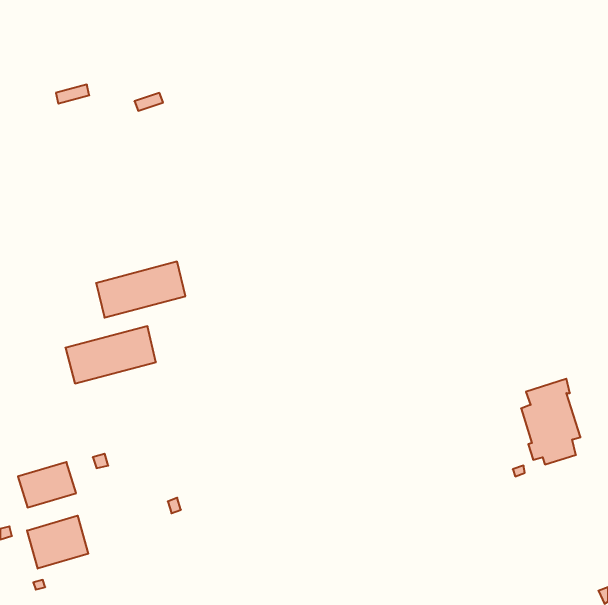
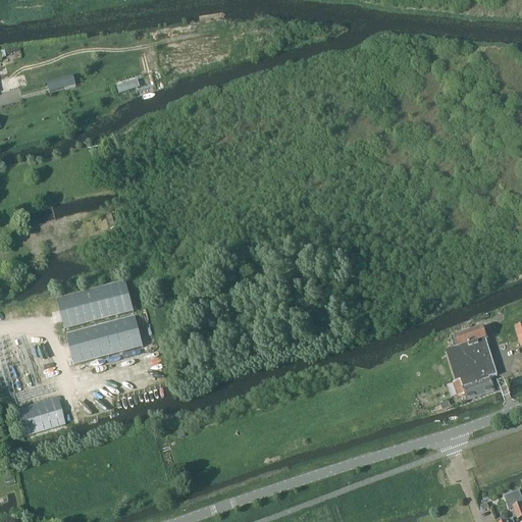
building: [96,262,185,318] -> [66,315,143,363]
building: [27,516,88,569] -> none

